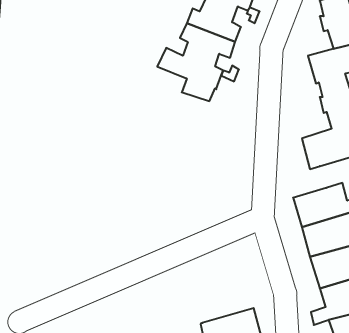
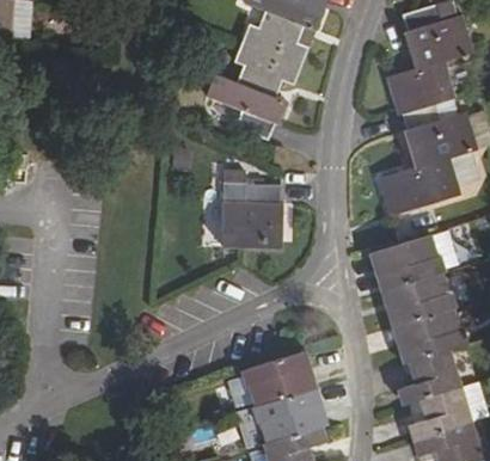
building: none -> [221,184,282,246]
building: none -> [247,349,323,404]

